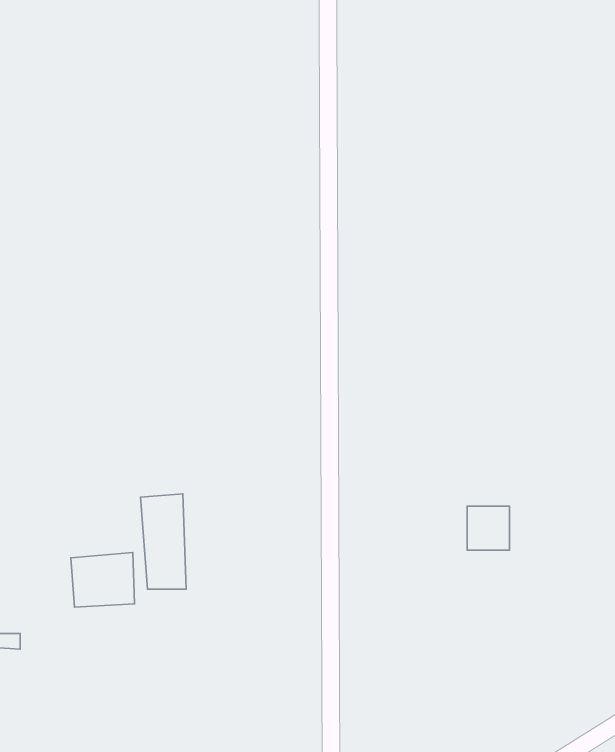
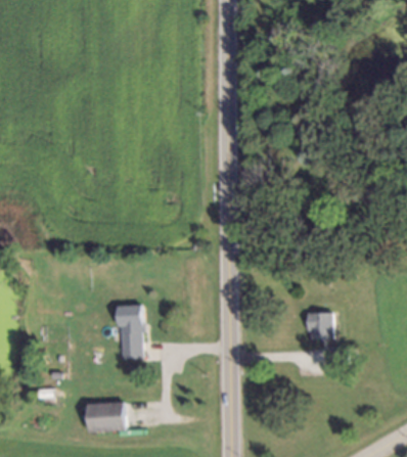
building: [71,553,134,607] -> [88,402,125,433]

